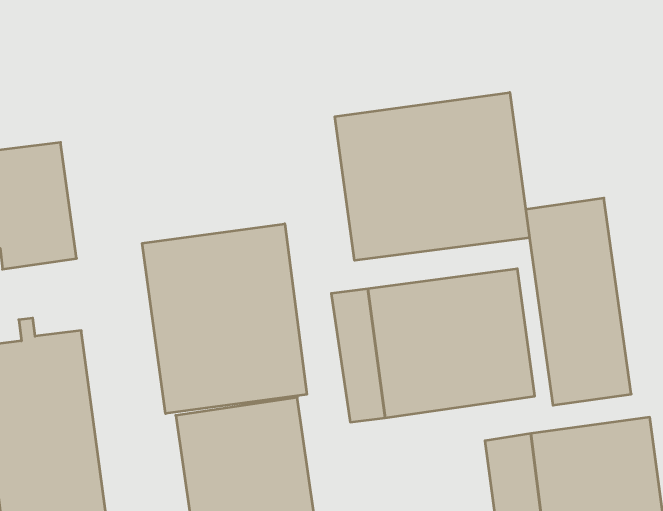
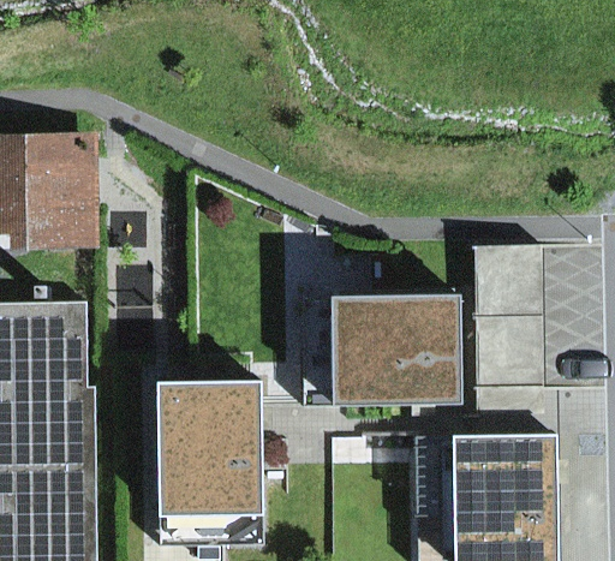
building: [335,92,529,260] -> none
building: [142,224,307,414] -> none

